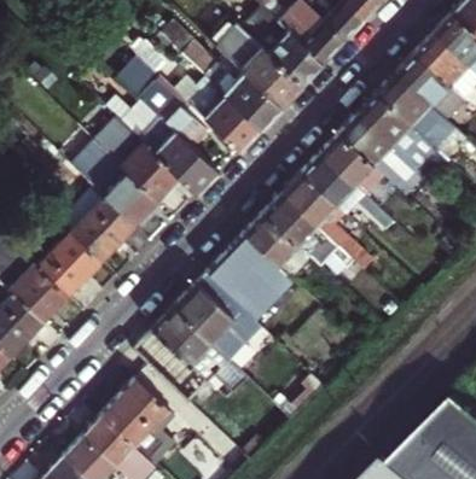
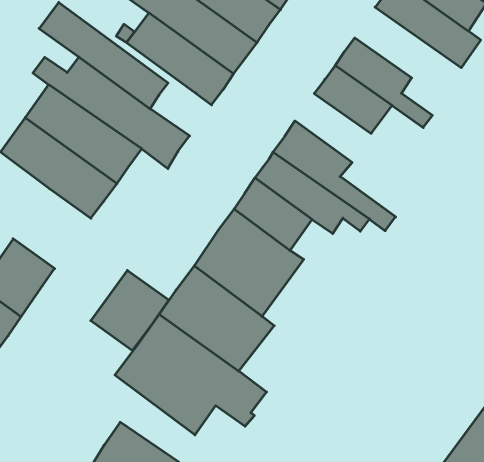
building: [359,92,441,171] -> none
building: [303,152,391,228] -> none
building: [71,197,134,259] -> [91,270,169,350]

